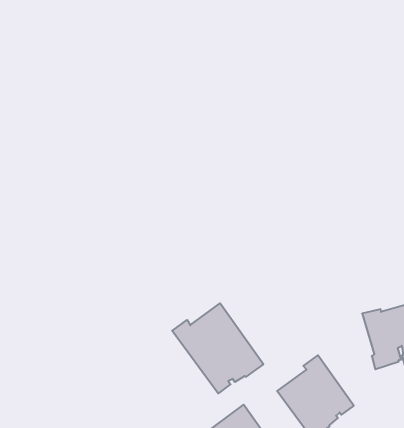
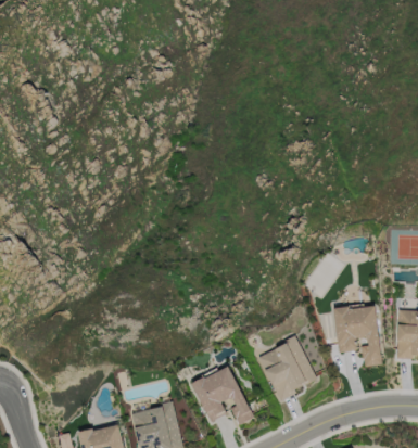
building: [172,303,263,393] -> none

